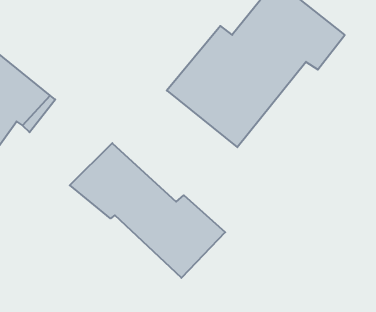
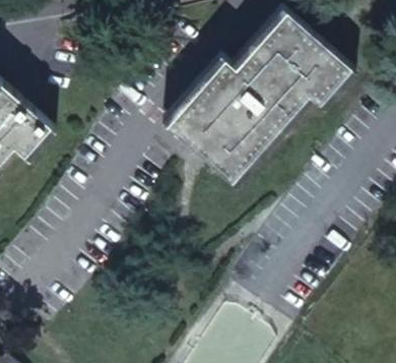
building: [70,143,225,278] -> none

